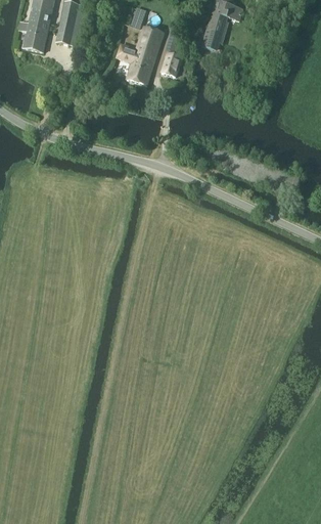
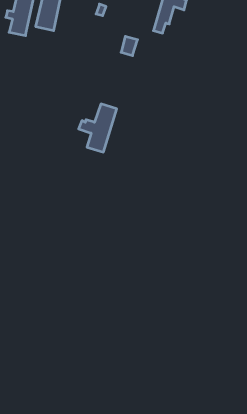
building: [118,26,165,85] -> [79,104,117,152]

